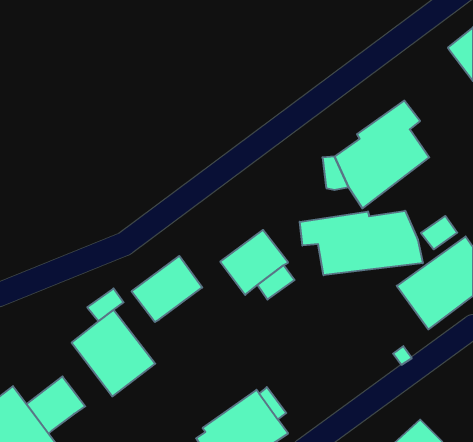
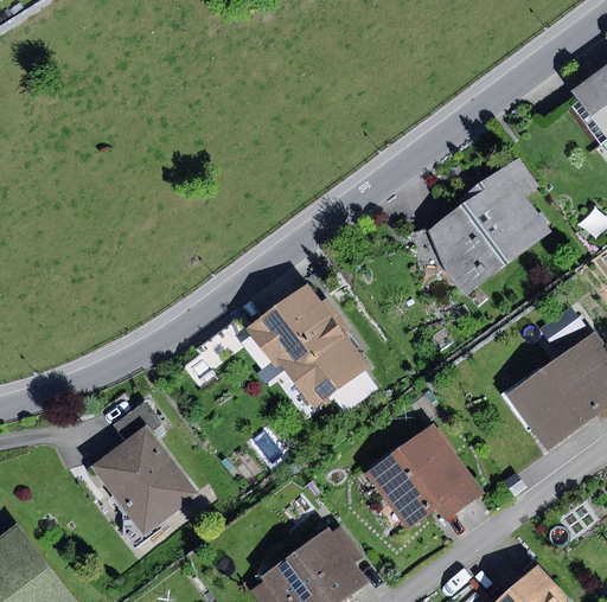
building: [300,211,423,275] -> none
building: [132,256,202,322] -> [245,283,336,367]
building: none -> [364,423,483,530]
building: [27,376,85,434] -> none

